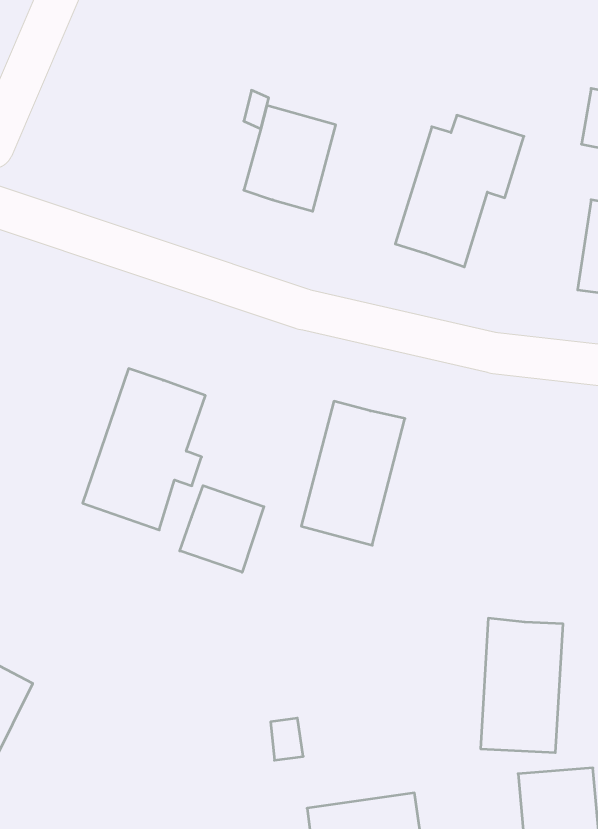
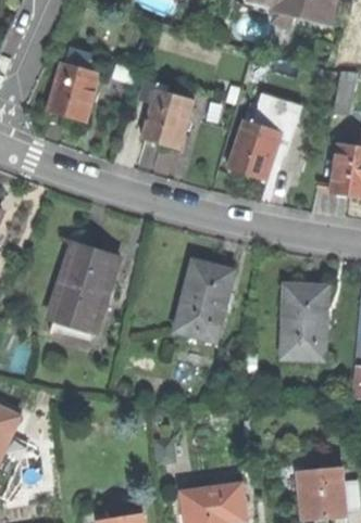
building: none -> [48,64,101,124]
building: [180,486,264,572] -> none
building: [481,618,563,753] -> [277,282,324,358]

